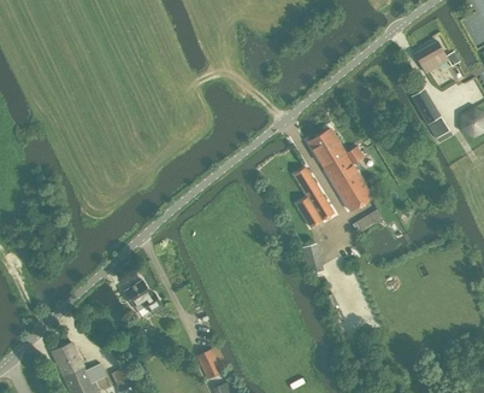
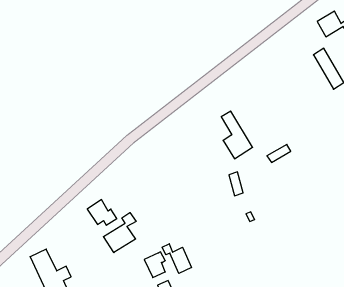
building: [308,129,372,212] -> none
building: none -> [103,213,136,253]
building: none -> [162,244,191,273]

